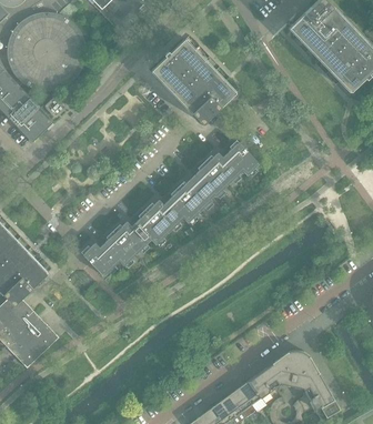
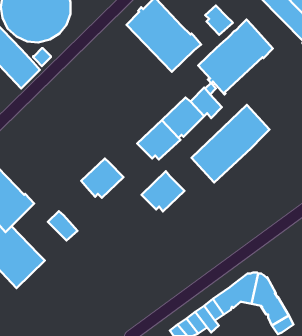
building: none -> [205,5,233,35]
building: none -> [198,20,273,94]
building: none -> [192,105,269,182]
building: [131,200,180,245] -> [141,171,185,211]
building: [82,243,115,276] -> [48,211,77,241]

